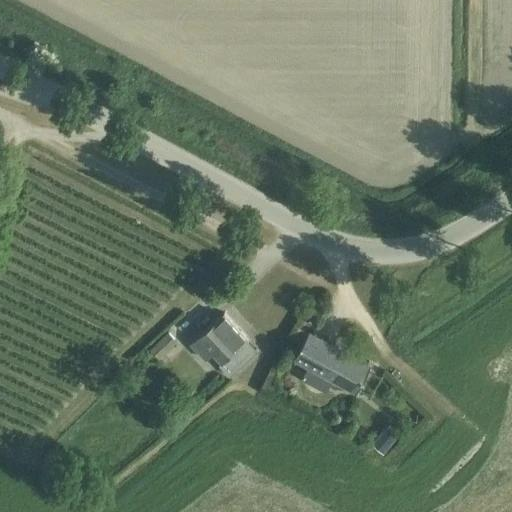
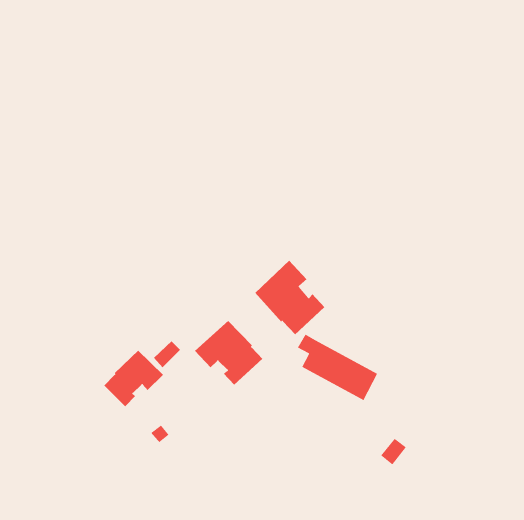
building: none -> [254,260,325,335]
building: none -> [103,350,164,407]

